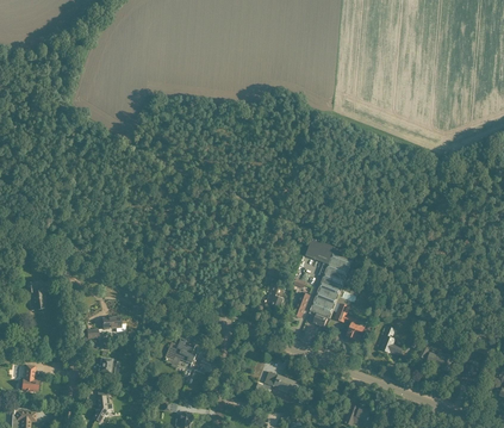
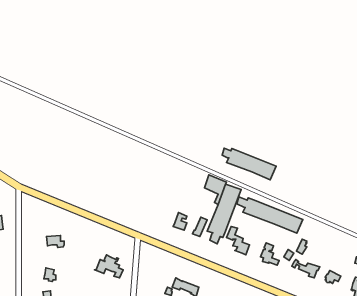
building: none -> [222,148,276,180]
building: none -> [237,197,303,233]

